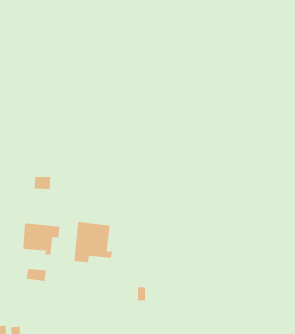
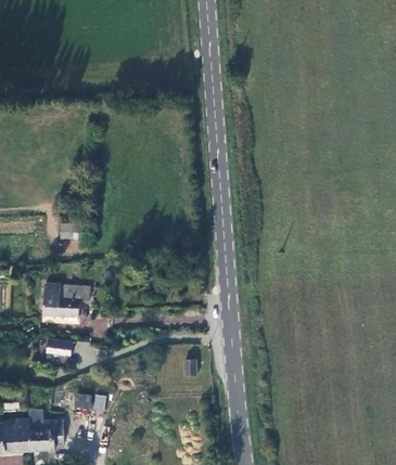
building: [74,221,113,263] -> none
building: none -> [72,395,104,413]

